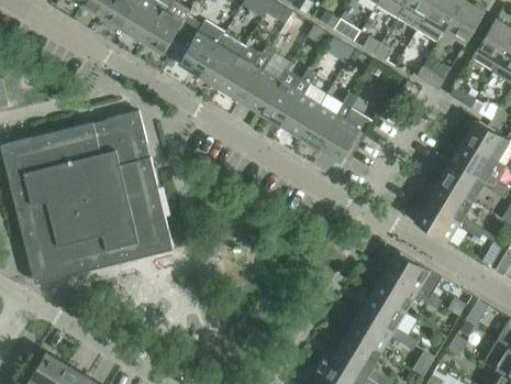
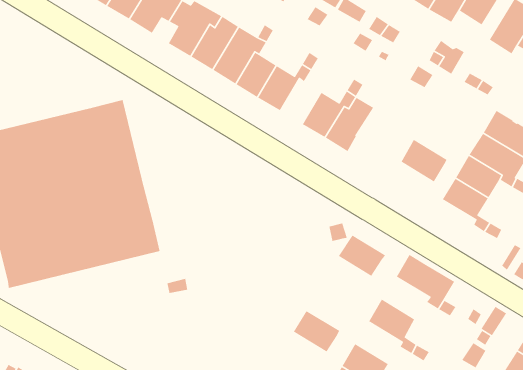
building: [281,92,319,134] -> none
building: [416,202,459,242] -> [400,139,447,182]
building: [374,273,418,311] -> [338,235,386,277]
building: [349,314,392,352] -> [293,310,340,352]

